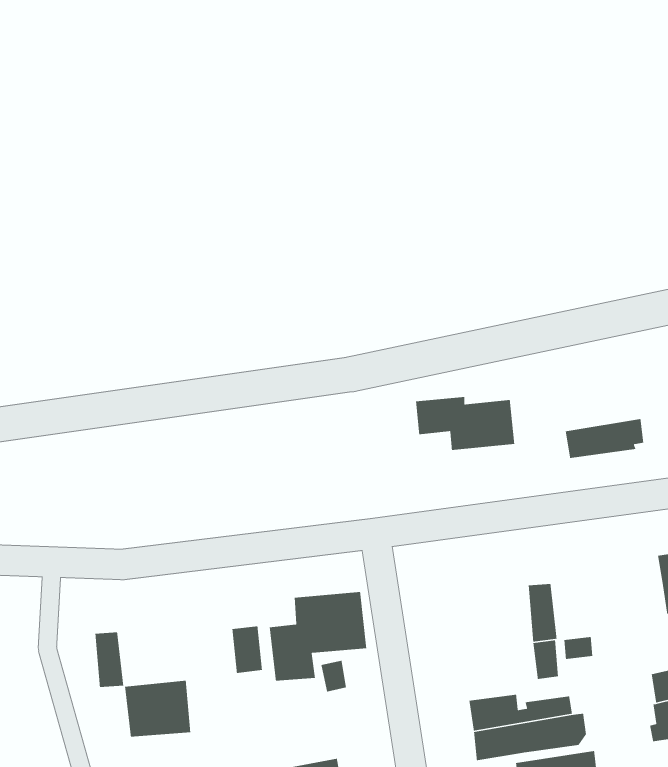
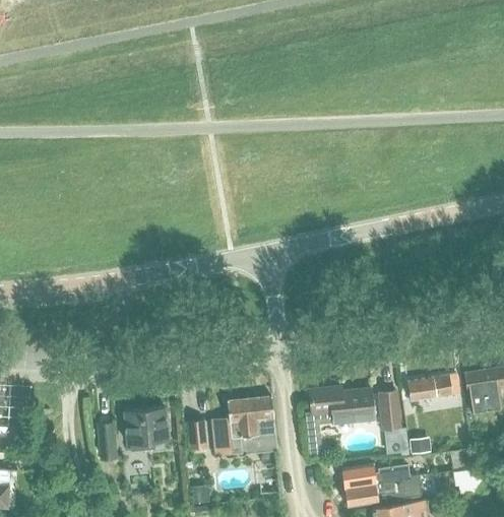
building: [415,396,515,451] -> [309,388,374,424]
building: [565,418,644,459] -> [406,375,458,401]
building: [124,680,191,738] -> [124,407,168,445]

